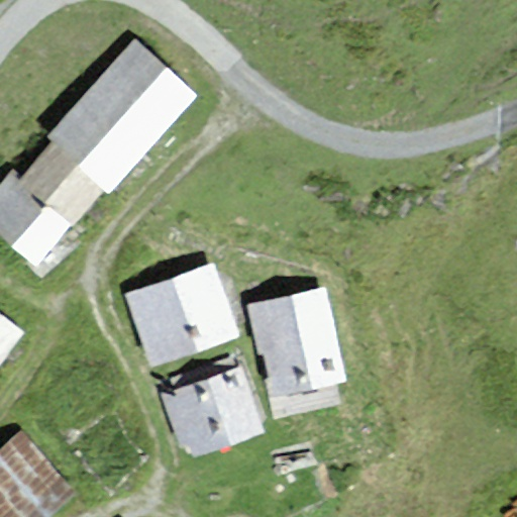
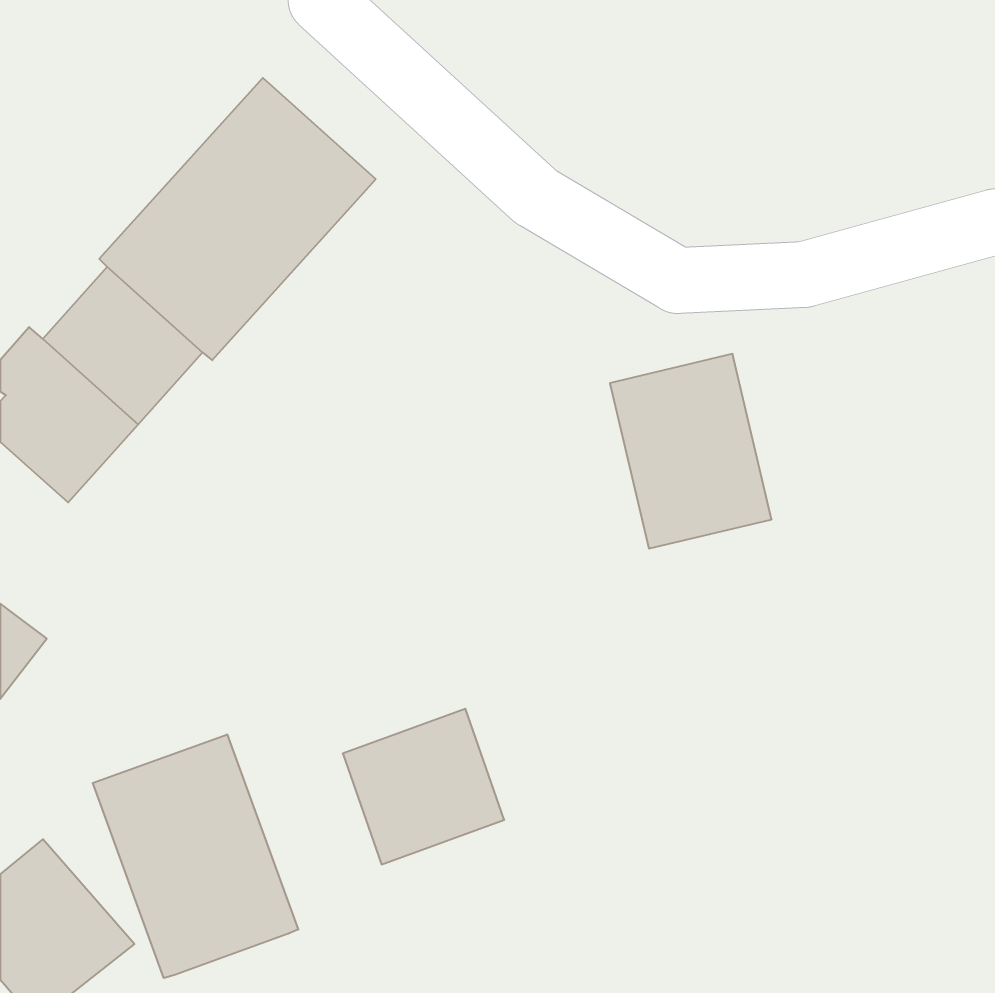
building: [131,267,235,360] -> none
building: [258,290,342,391] -> [610,354,772,549]
building: none -> [93,734,298,978]

